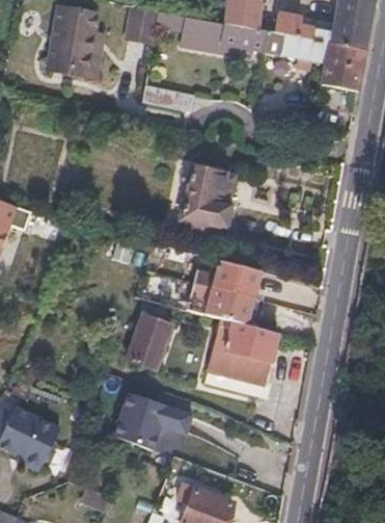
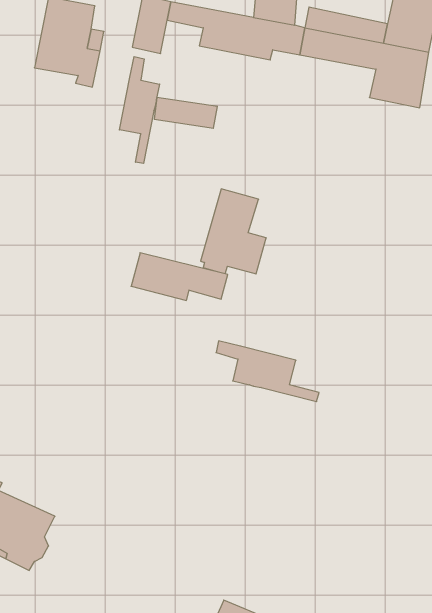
building: none -> [119,57,160,163]
building: [211,261,288,299] -> [131,253,228,300]
building: [208,320,280,387] -> none
building: [129,325,173,372] -> none
building: [117,393,194,450] -> none

